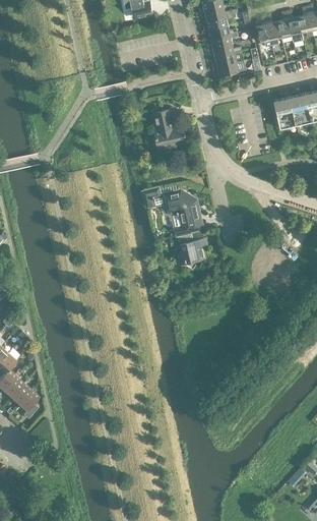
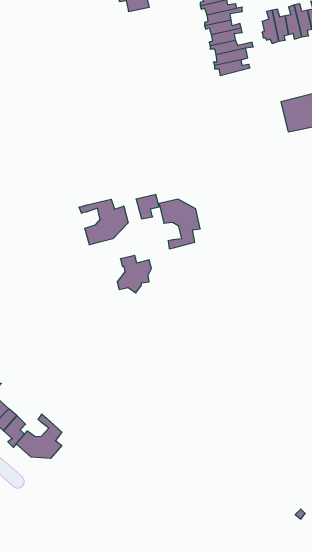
building: [153,109,185,151] -> none
building: none -> [79,199,128,245]
building: [175,234,206,269] -> [117,255,151,293]
building: none -> [16,414,62,458]

